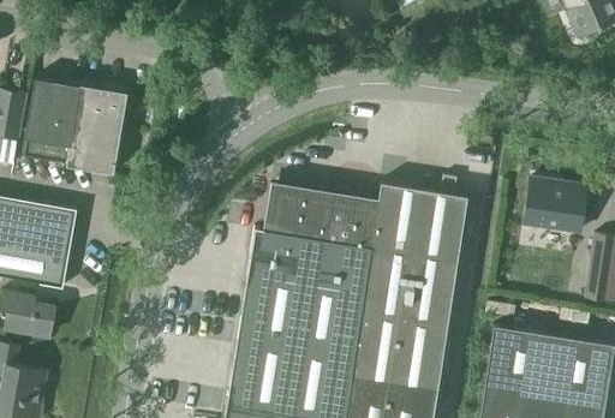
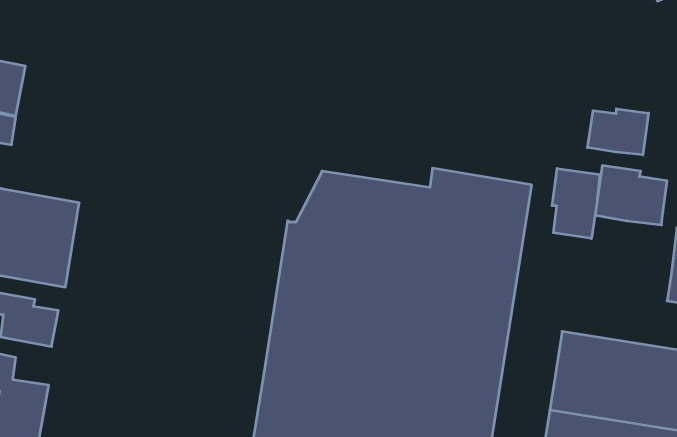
building: [23,78,125,173] -> none
building: none -> [587,109,649,155]
building: none -> [552,168,600,239]

